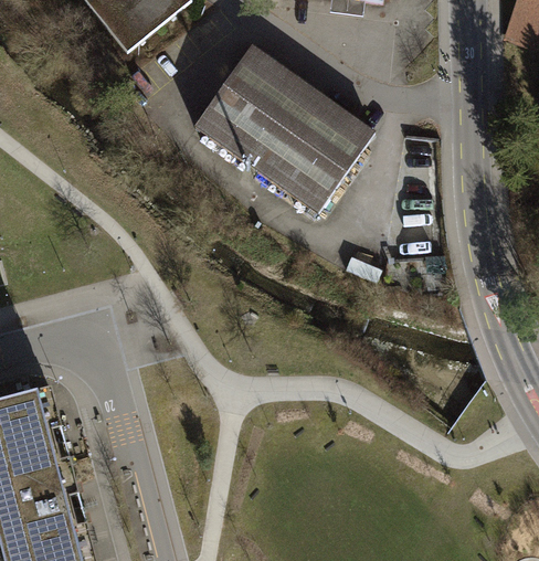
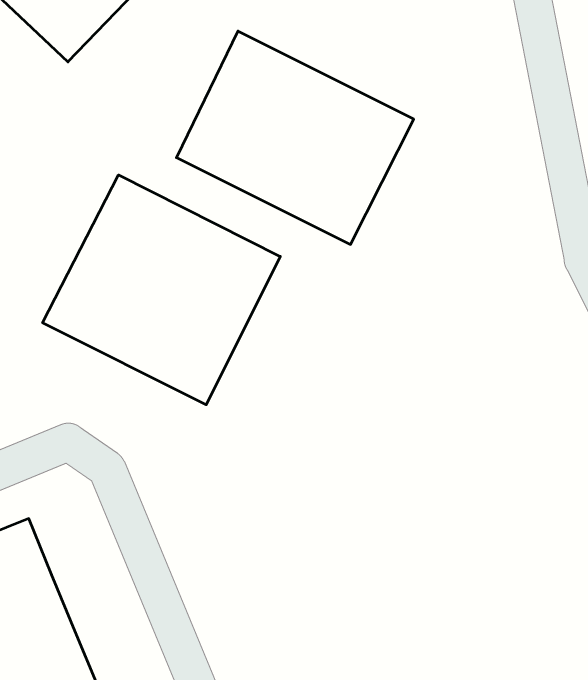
building: none -> [43,175,280,405]

